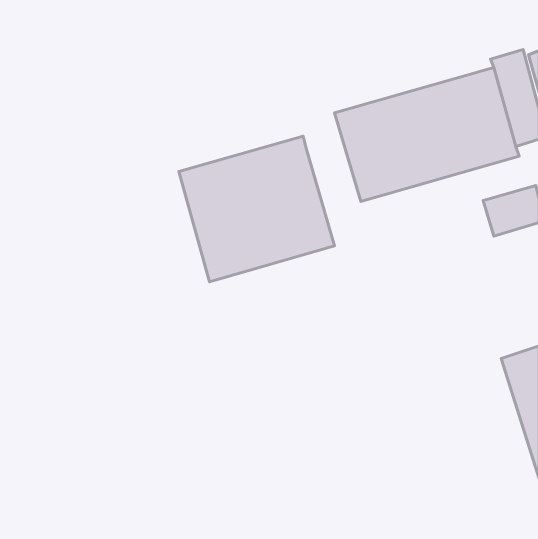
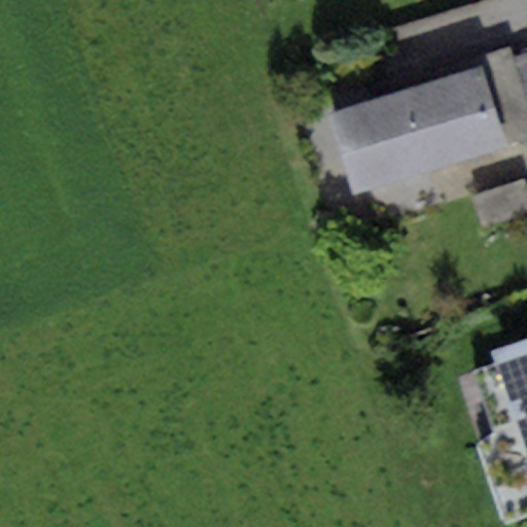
building: [179,136,334,282] -> none

